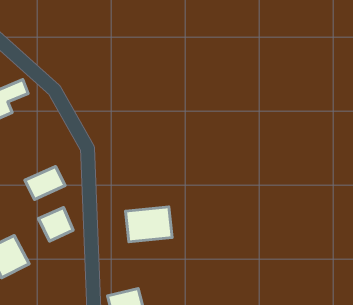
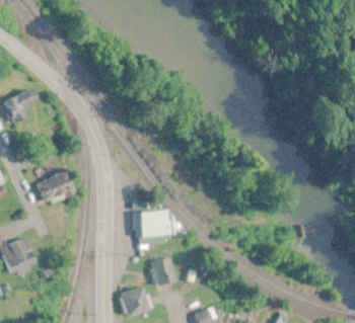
building: [39,207,73,241] -> none
building: none -> [149,257,176,287]

